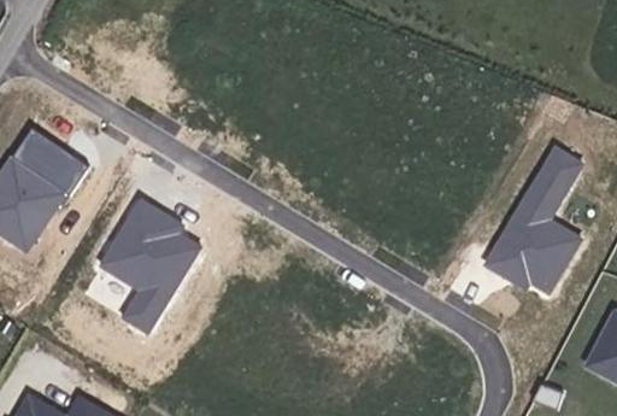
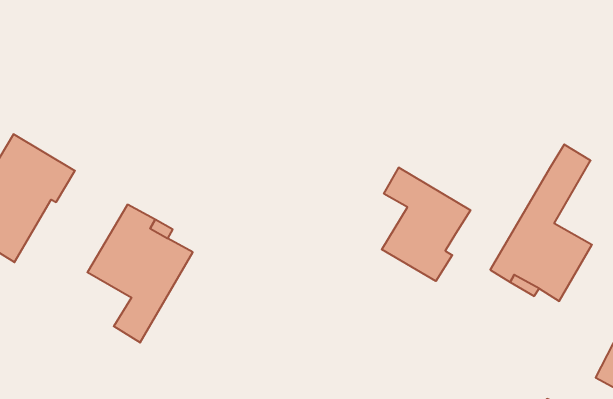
building: none -> [382,167,470,281]

